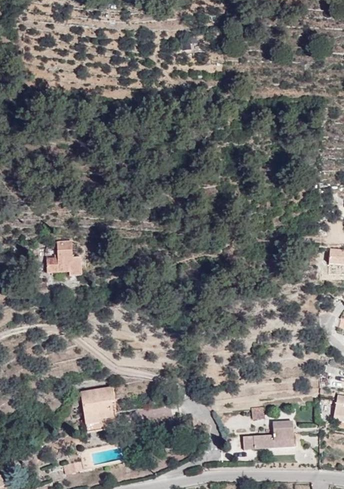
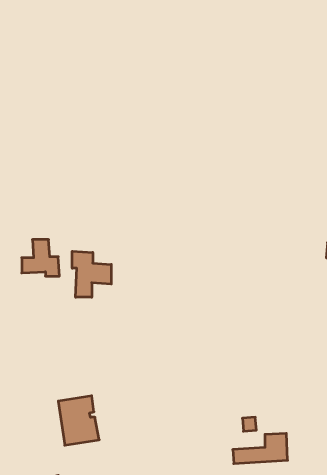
building: none -> [72,251,111,297]

